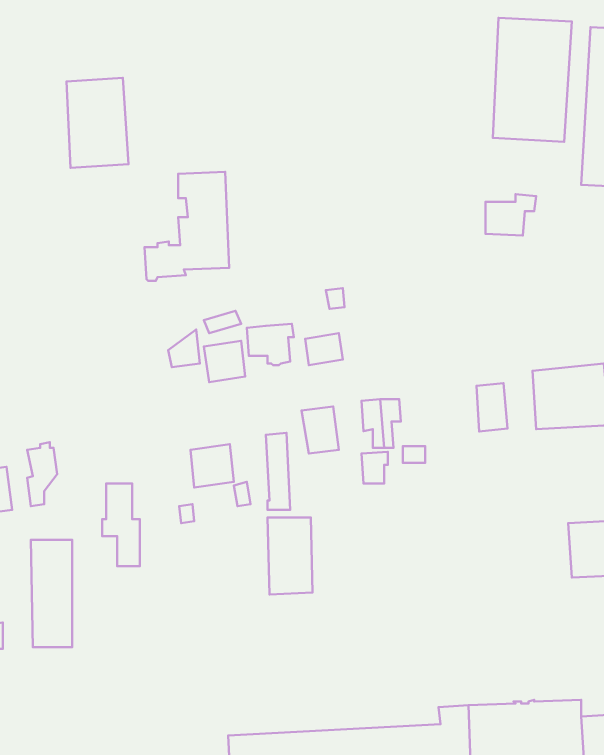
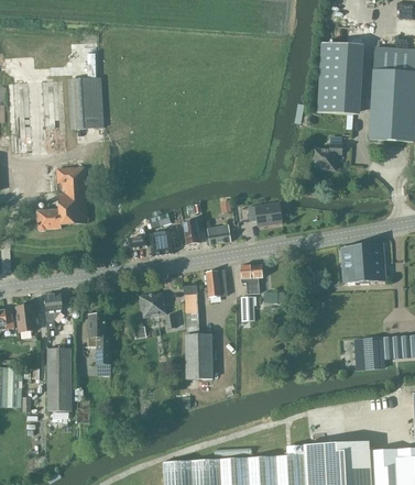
building: [145,172,229,281] -> [36,167,86,231]
building: none -> [248,202,282,224]
building: [477,383,507,432] -> none

